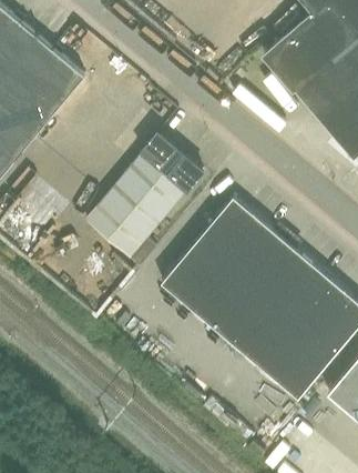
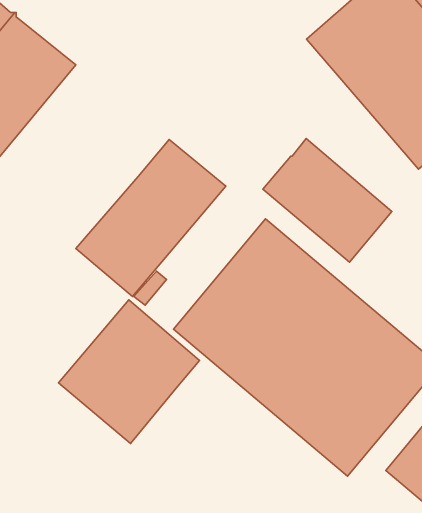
building: none -> [263,138,392,262]
building: none -> [58,300,200,444]

